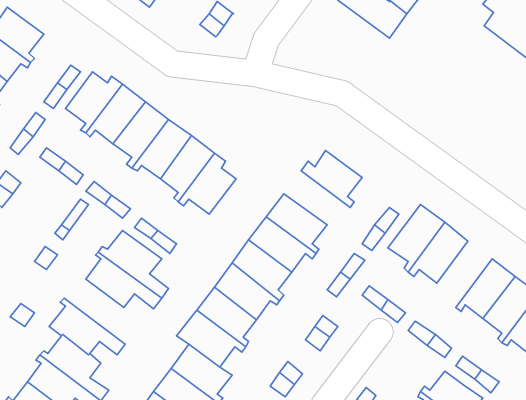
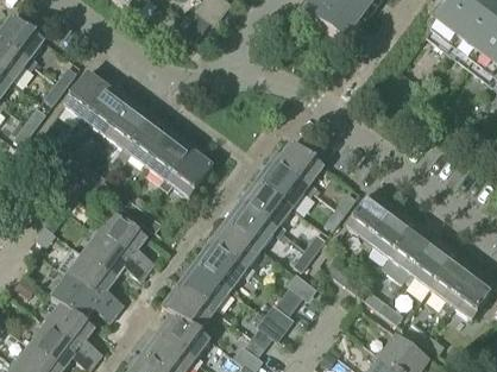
building: none -> [256,158,314,206]
building: none -> [382,220,439,283]
building: none -> [59,246,124,310]

